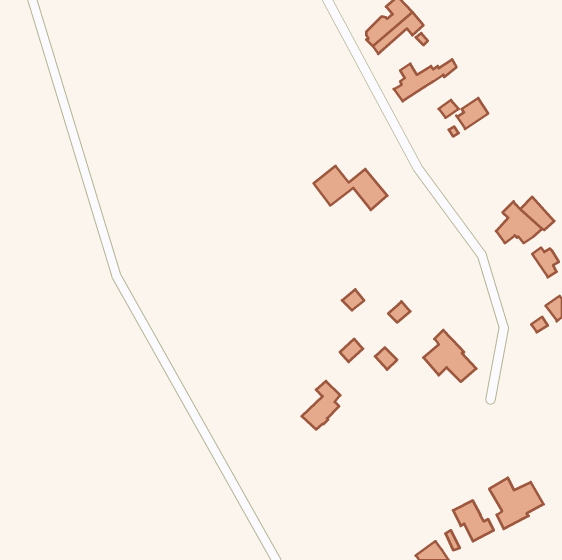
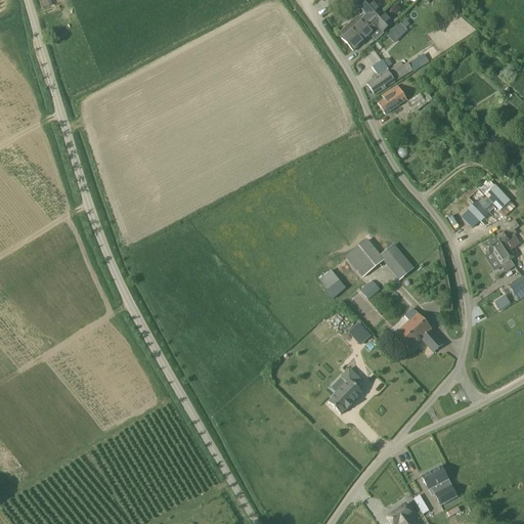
building: [456,98,488,129] -> [377,85,406,114]
building: [314,166,387,210] -> [346,239,414,280]
building: none -> [483,236,515,271]
building: [302,381,340,429] -> [329,365,364,410]
building: [489,478,544,529] -> none

